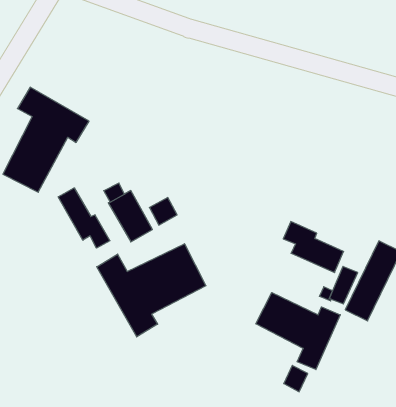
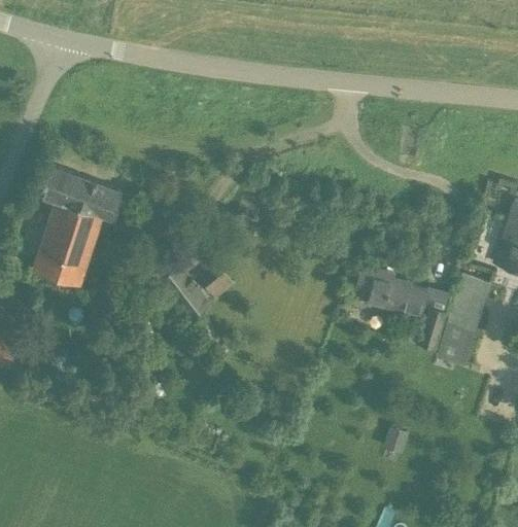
building: [58,188,110,248] -> none
building: [97,244,206,337] -> none
building: [256,293,340,370] -> none

